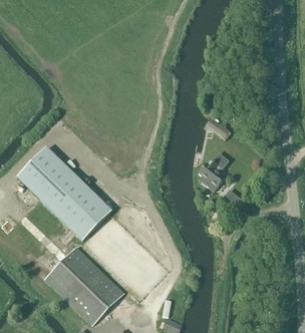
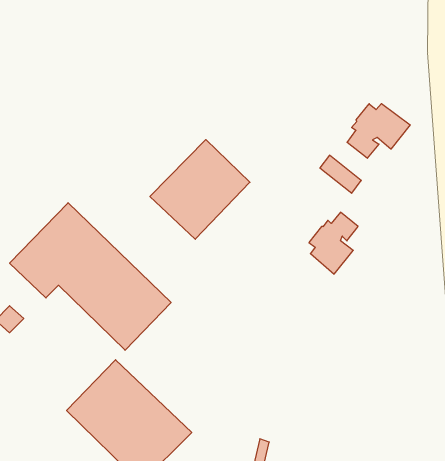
building: none -> [347,104,410,158]
building: none -> [150,140,250,239]

